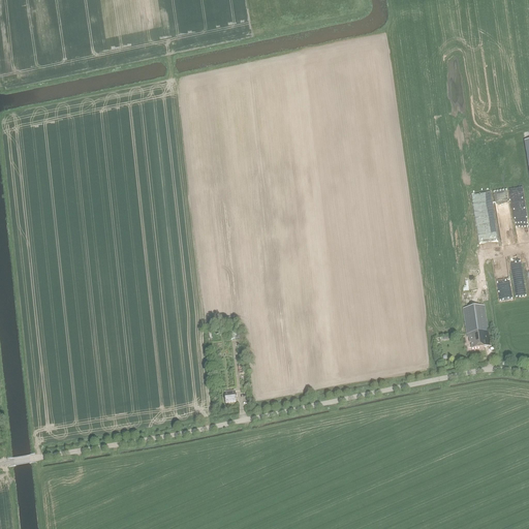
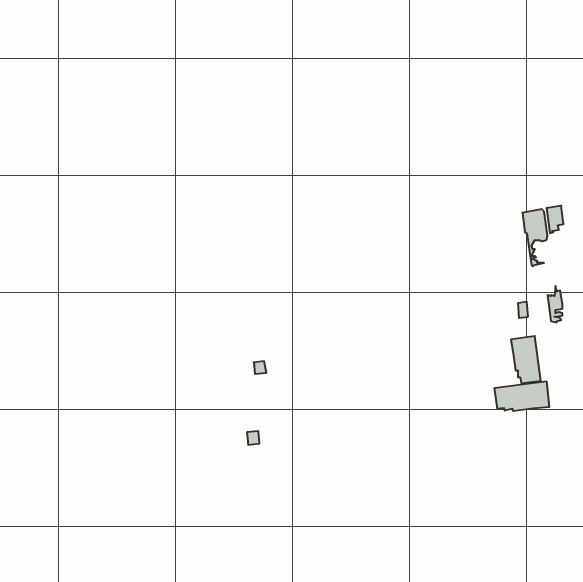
building: none -> [495,381,549,411]

